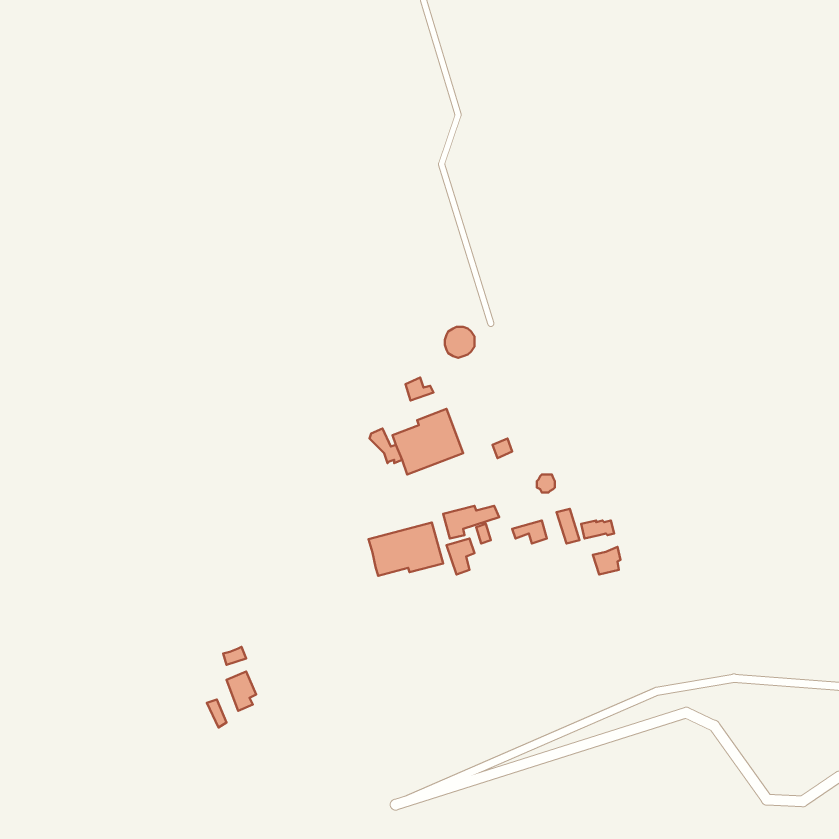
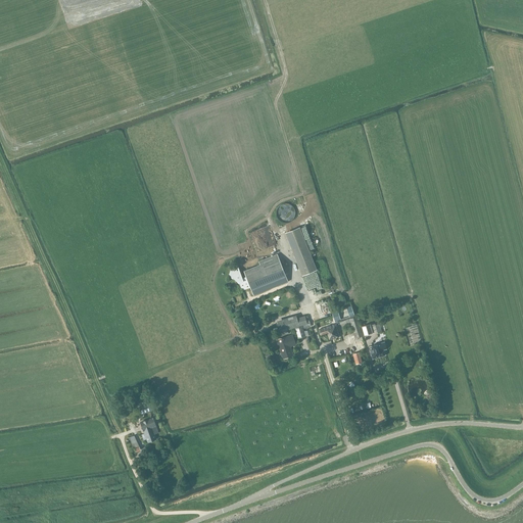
building: none -> [285,227,317,276]
building: [368,523,443,576] -> none

